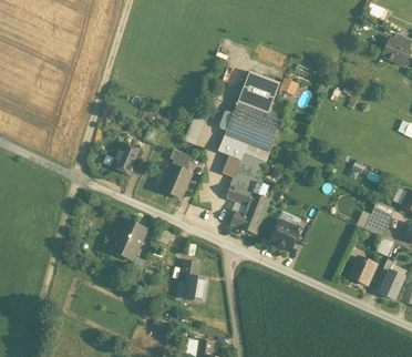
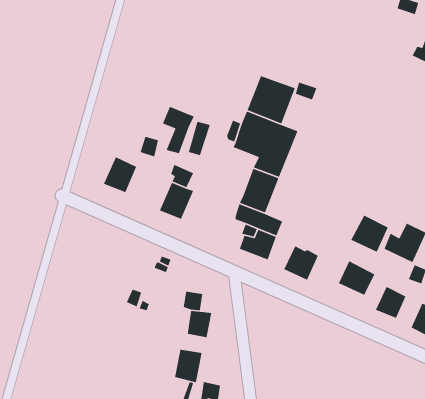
building: [217,134,246,176] -> [162,106,195,154]
building: none -> [350,214,389,253]
building: [111,221,143,257] -> none
building: none -> [338,260,376,296]
building: none -> [174,349,202,383]

